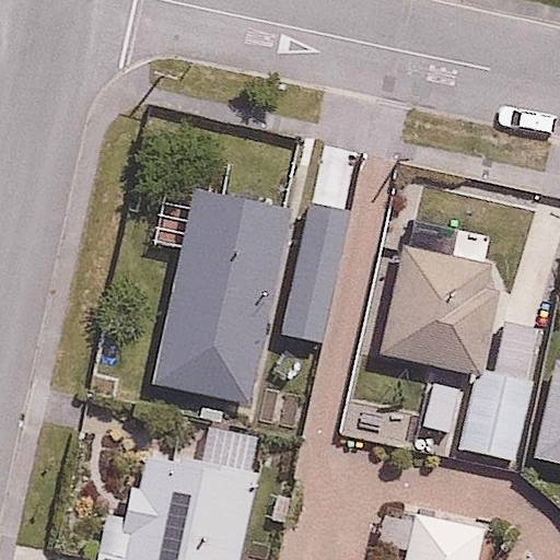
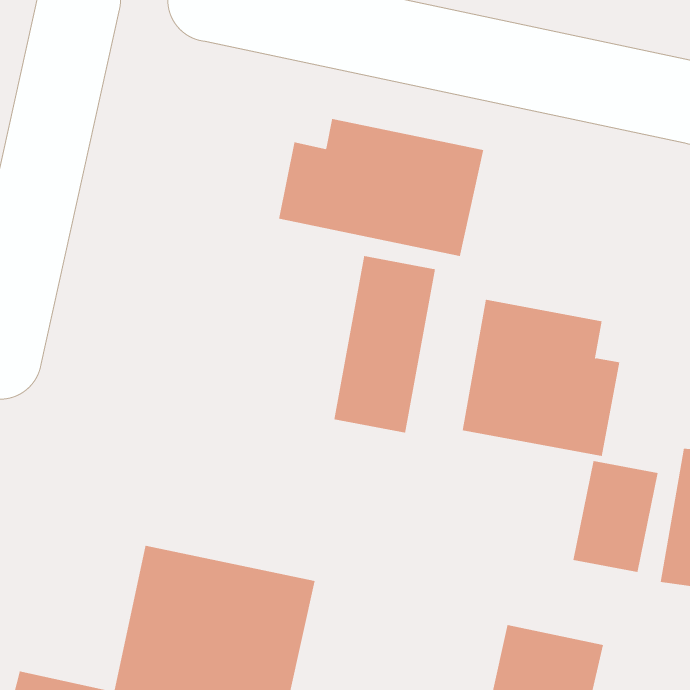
building: none -> [279,118,484,257]
building: [152,190,291,416] -> none

